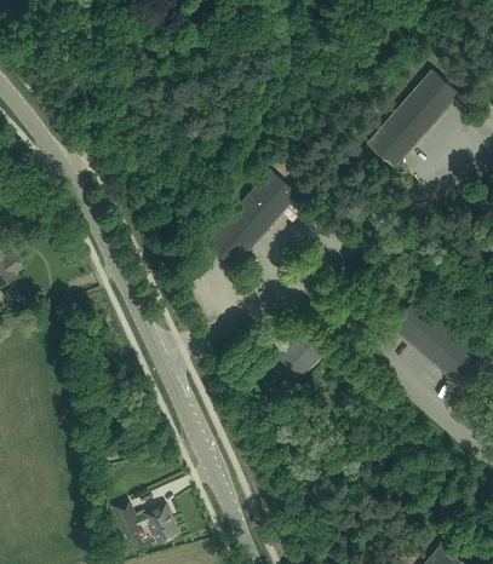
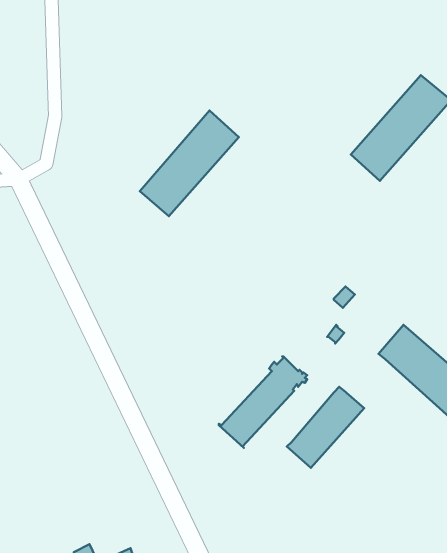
building: [206,169,297,266] -> [140,111,239,216]
building: none -> [287,387,364,468]

